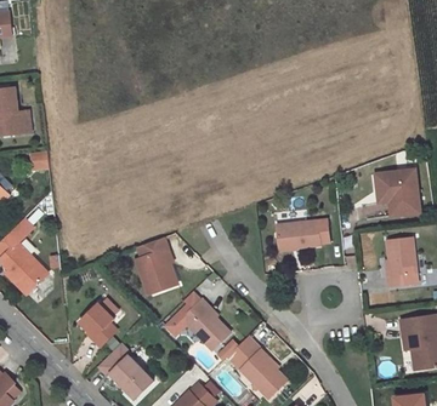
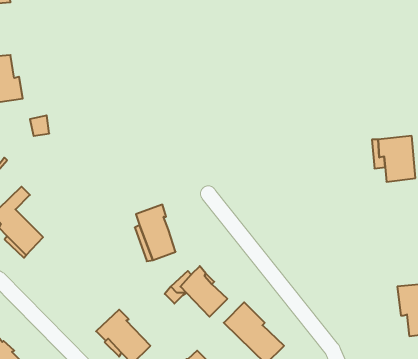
building: [276,218,329,248] -> none
building: [386,236,416,286] -> none
building: [79,304,115,347] -> none

